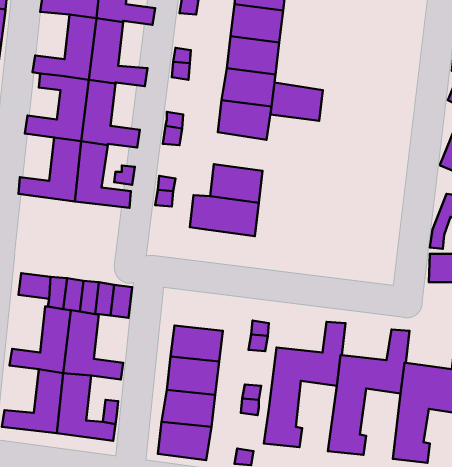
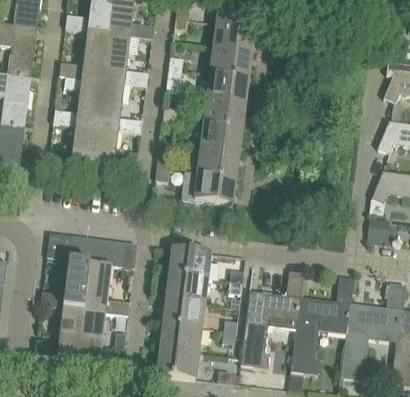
building: [271,82,323,121] -> [200,124,241,154]
building: none -> [169,249,210,279]

